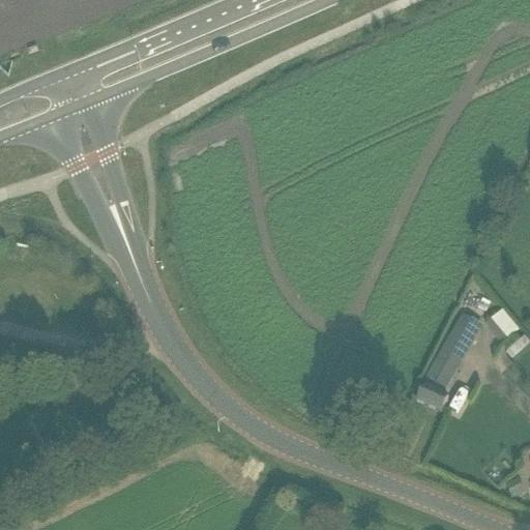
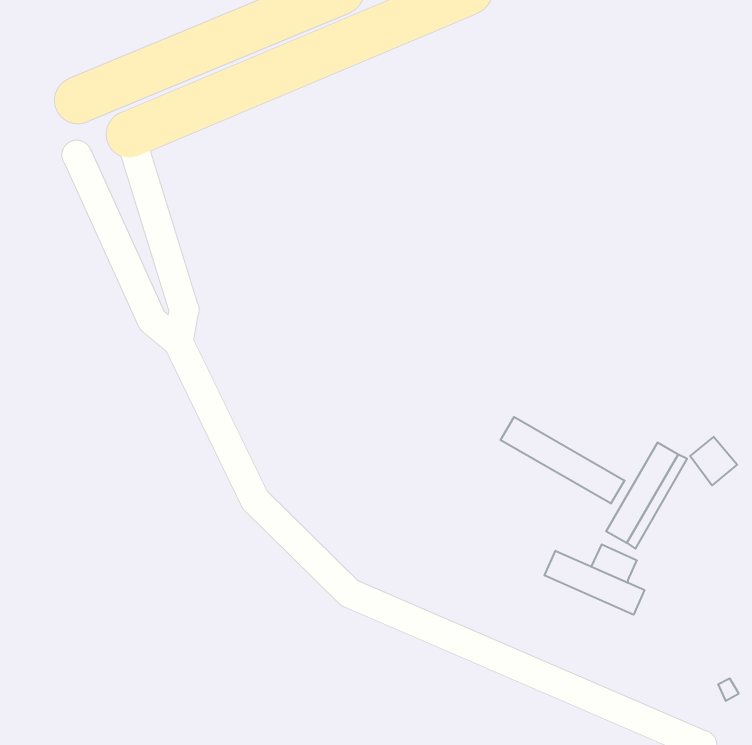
building: none -> [501,417,625,504]
building: none -> [544,551,644,615]

